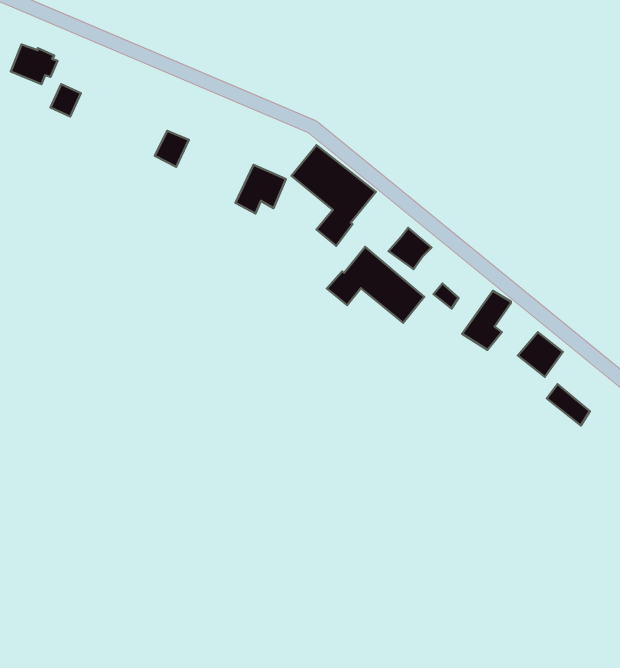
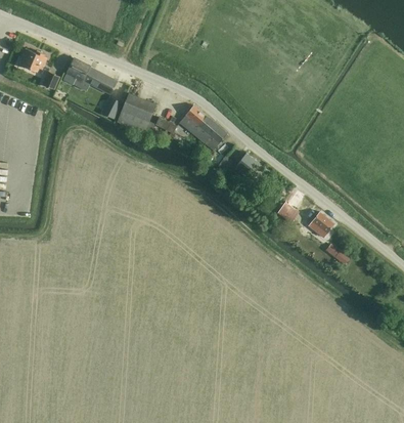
building: none -> [66,58,117,94]
building: none -> [117,93,154,132]
building: [327,247,424,323] -> none

